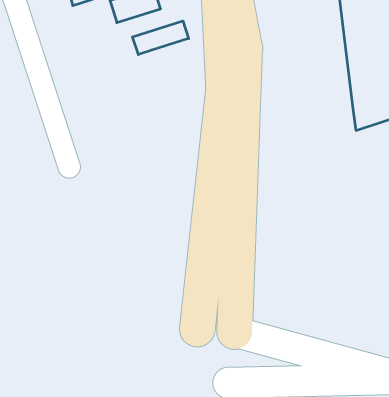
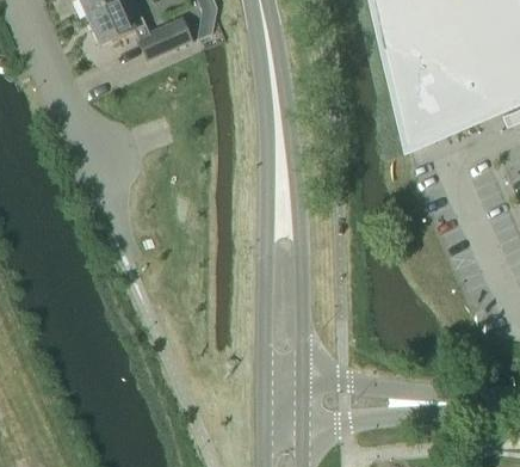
building: [132,21,189,55] -> none

